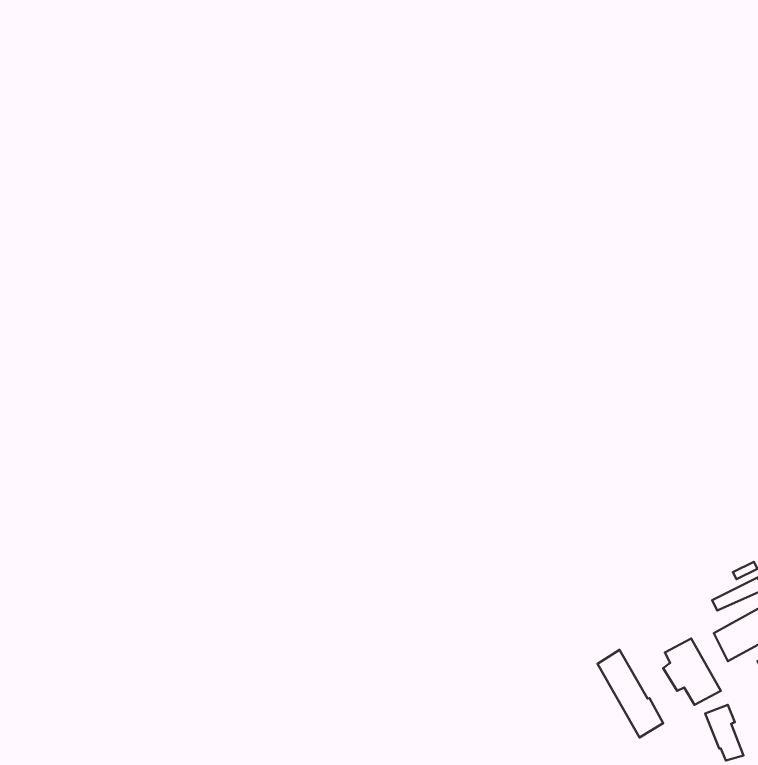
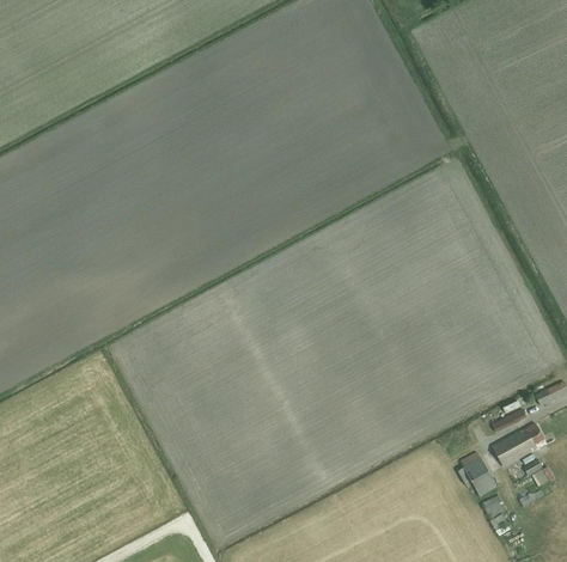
building: [598,650,663,738] -> none

